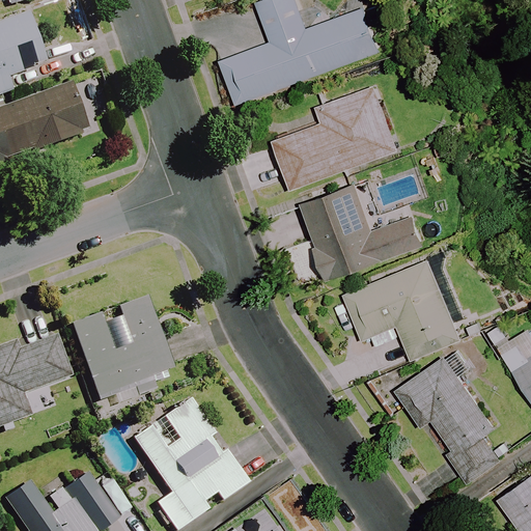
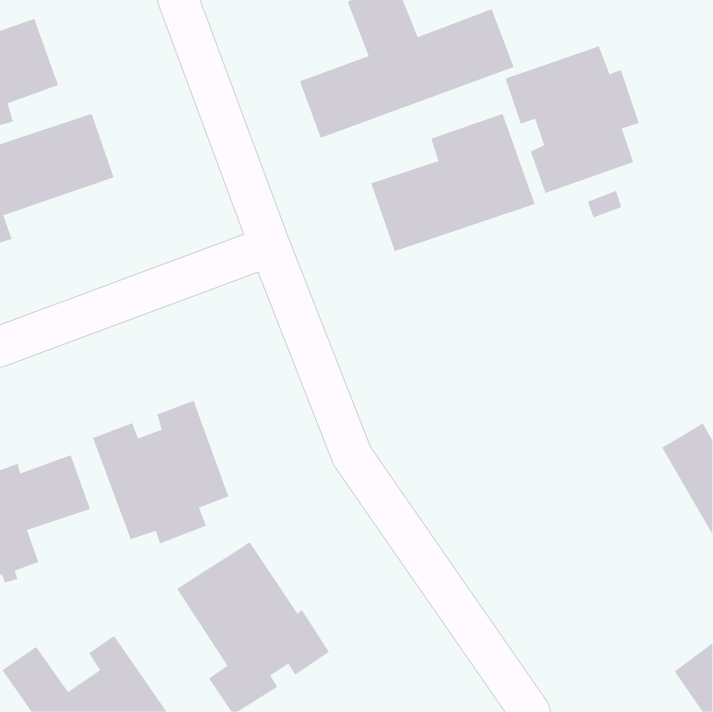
building: none -> [505,46,639,194]
building: [301,186,422,278] -> none
building: [344,259,459,359] -> none
building: [397,347,500,482] -> none

